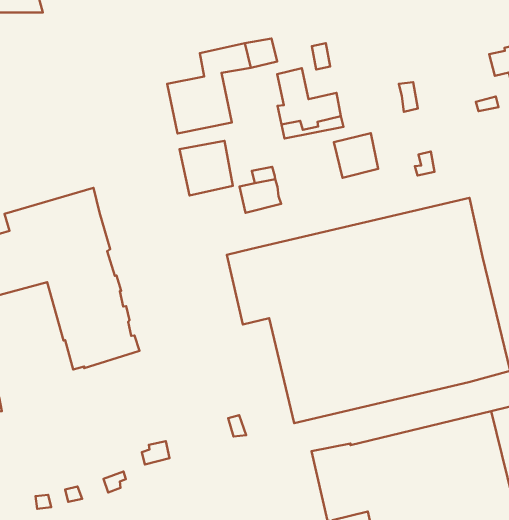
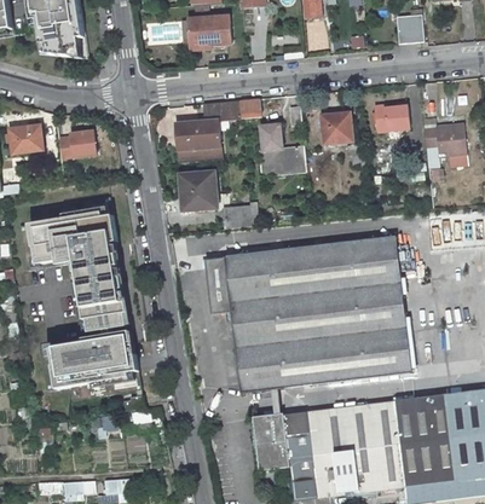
building: none -> [374,104,409,129]
building: none -> [58,129,96,158]
building: [334,133,378,178] -> [321,111,352,143]
building: none -> [37,330,140,399]

